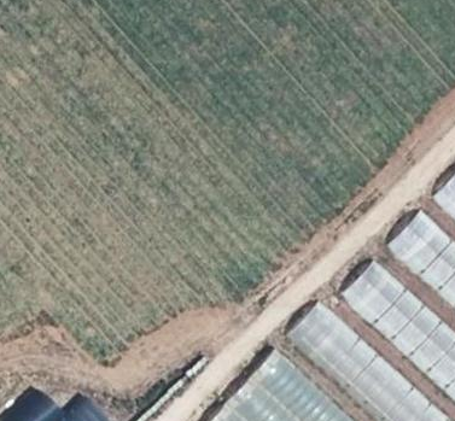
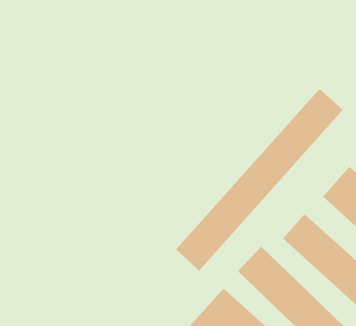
building: none -> [175,88,343,271]

